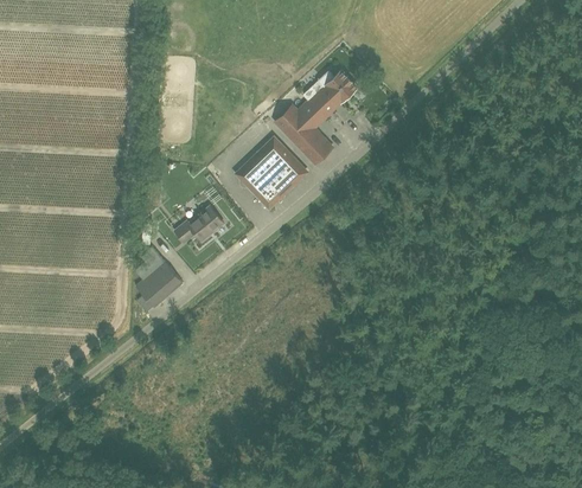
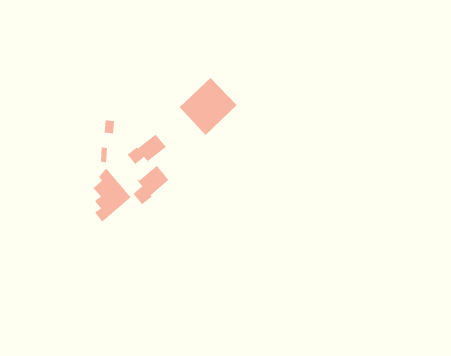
building: [277,70,359,162] -> none
building: none -> [133,165,169,205]

